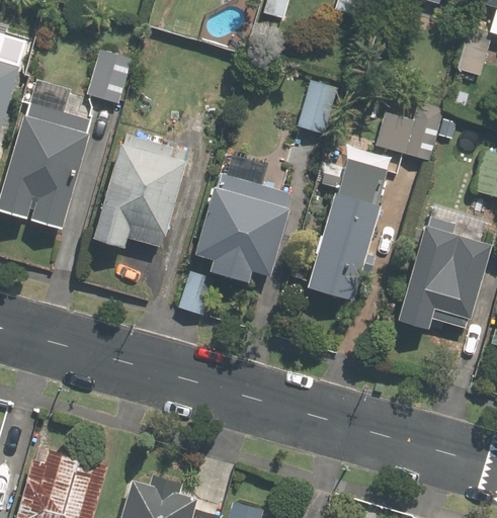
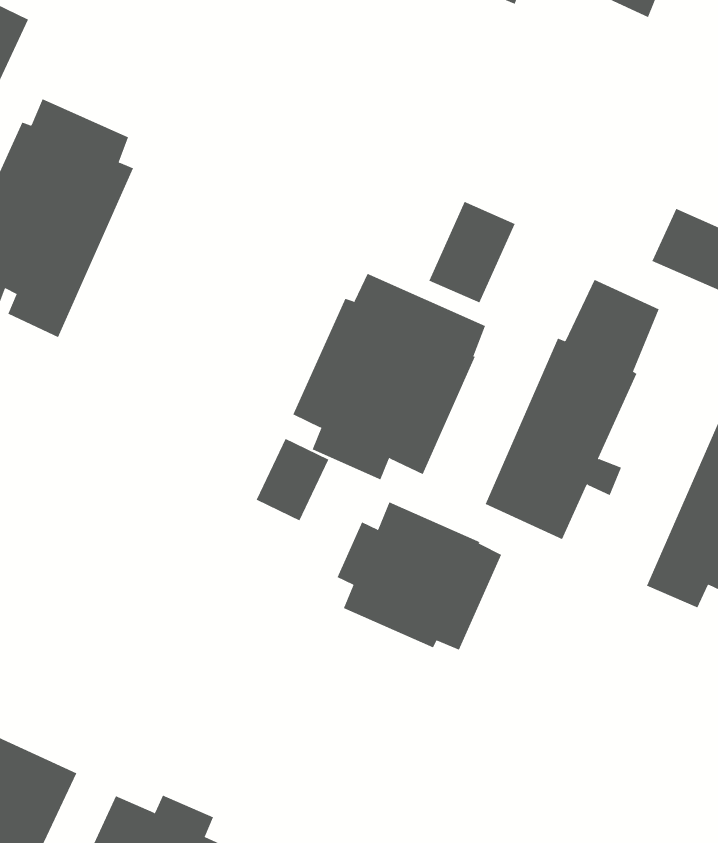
building: [84,50,131,103] -> none
building: [295,80,337,134] -> [428,201,516,303]
building: [91,135,188,250] -> none
building: none -> [337,501,502,650]

